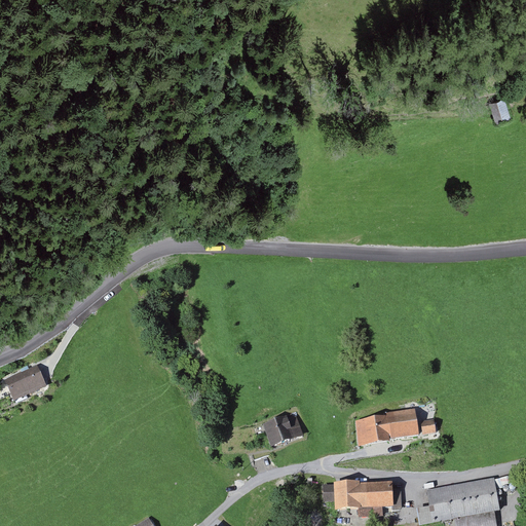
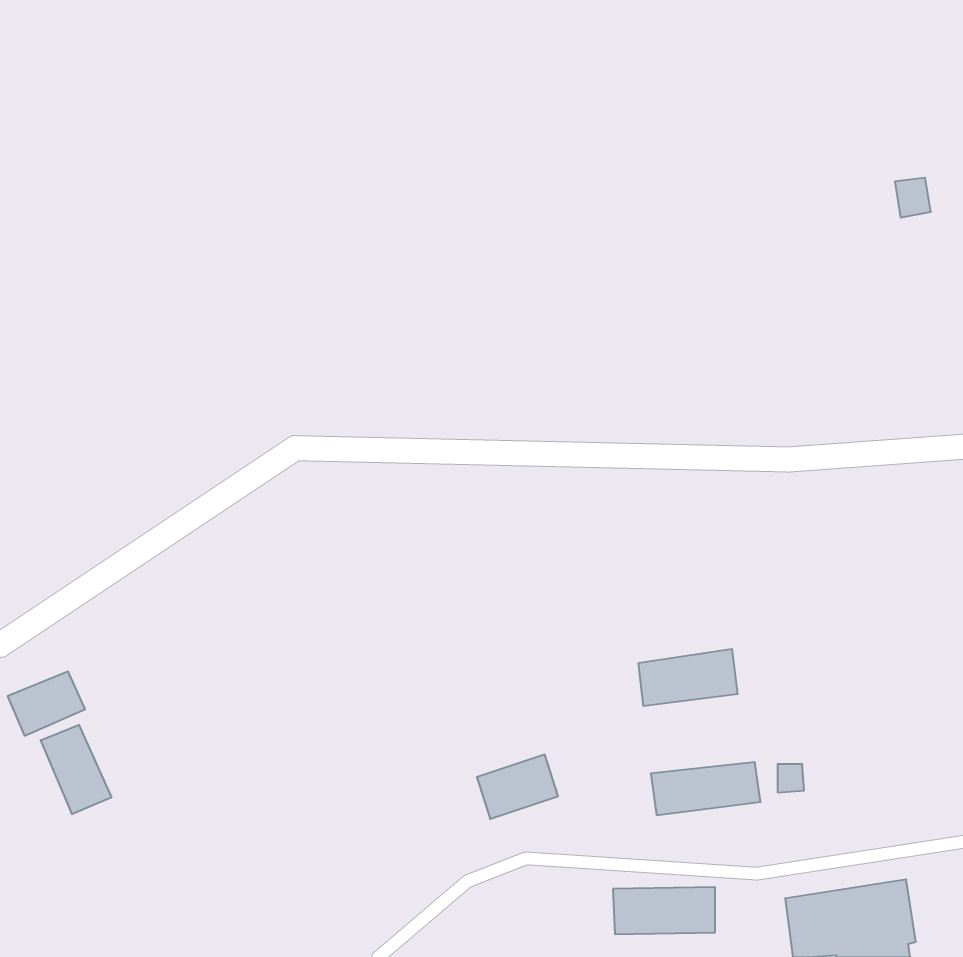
building: none -> [639,649,737,706]
building: none -> [41,725,111,814]

